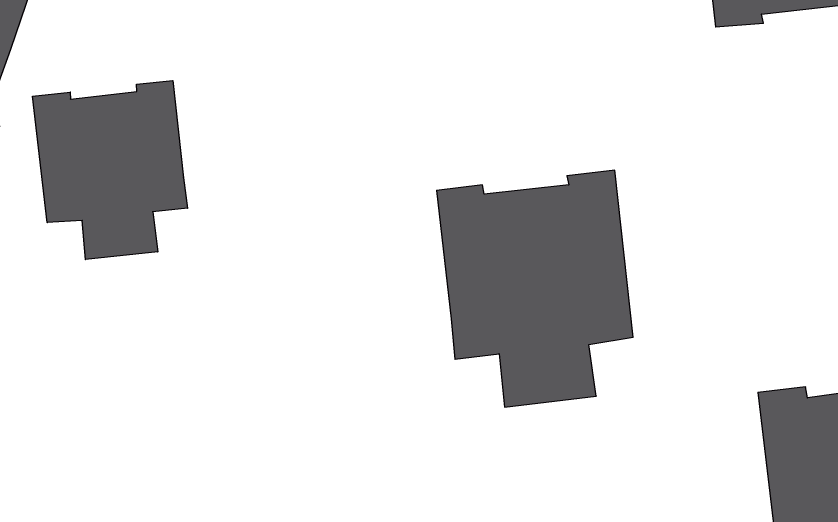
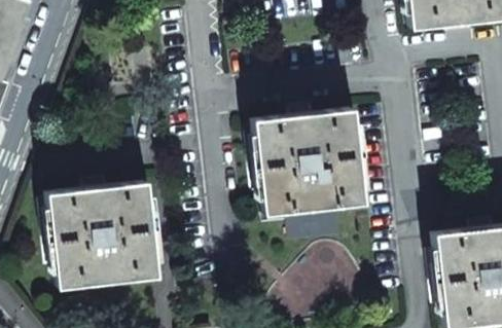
building: [33,81,188,260] -> none
building: none -> [45,181,156,287]

